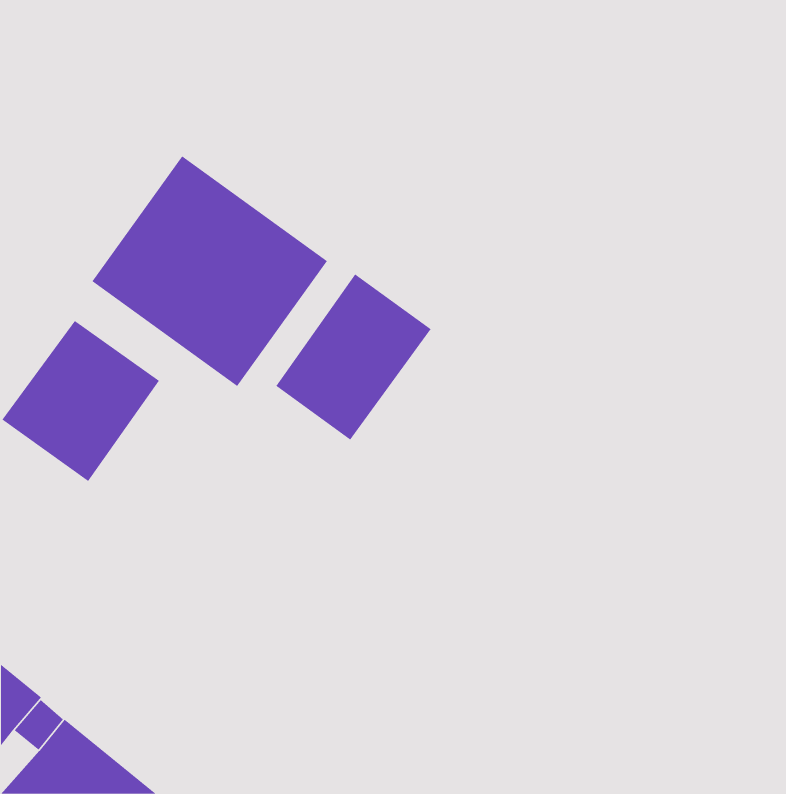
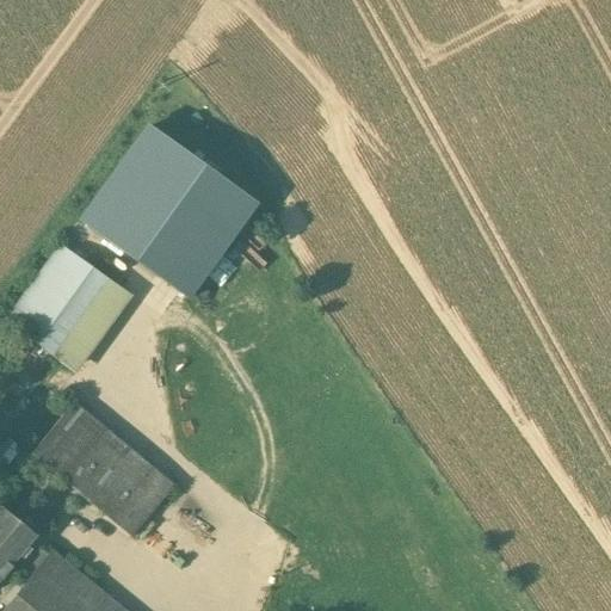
building: [276,273,432,441] -> none
building: none -> [35,403,178,538]

